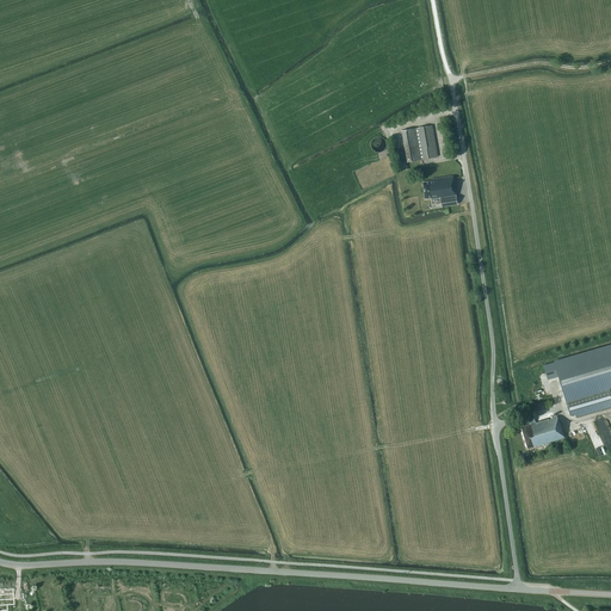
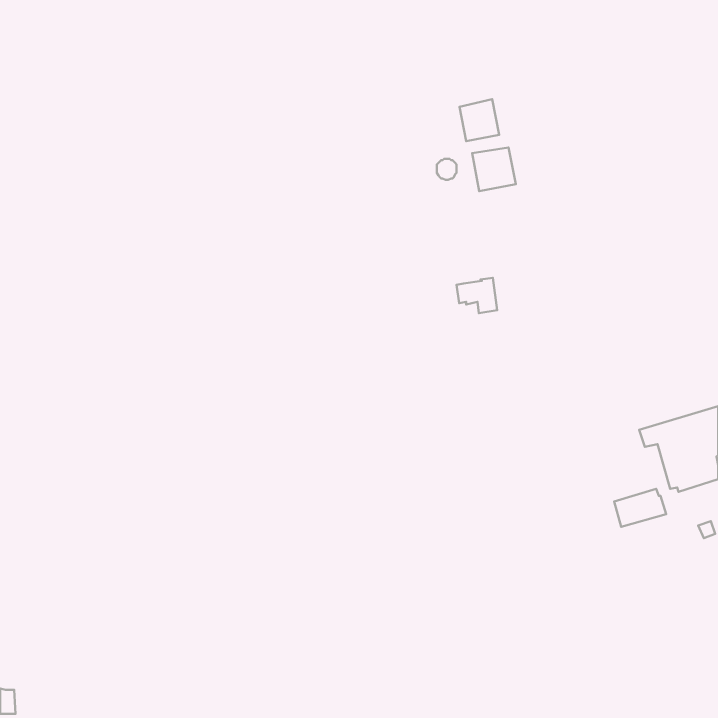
building: none -> [460,99,499,141]
building: [422,177,457,206] -> [456,278,497,313]

